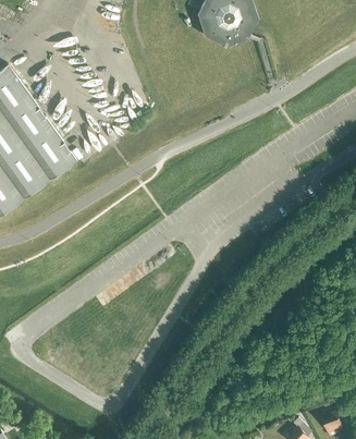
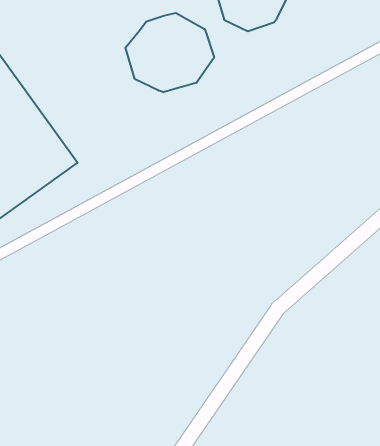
building: none -> [125,13,214,92]

